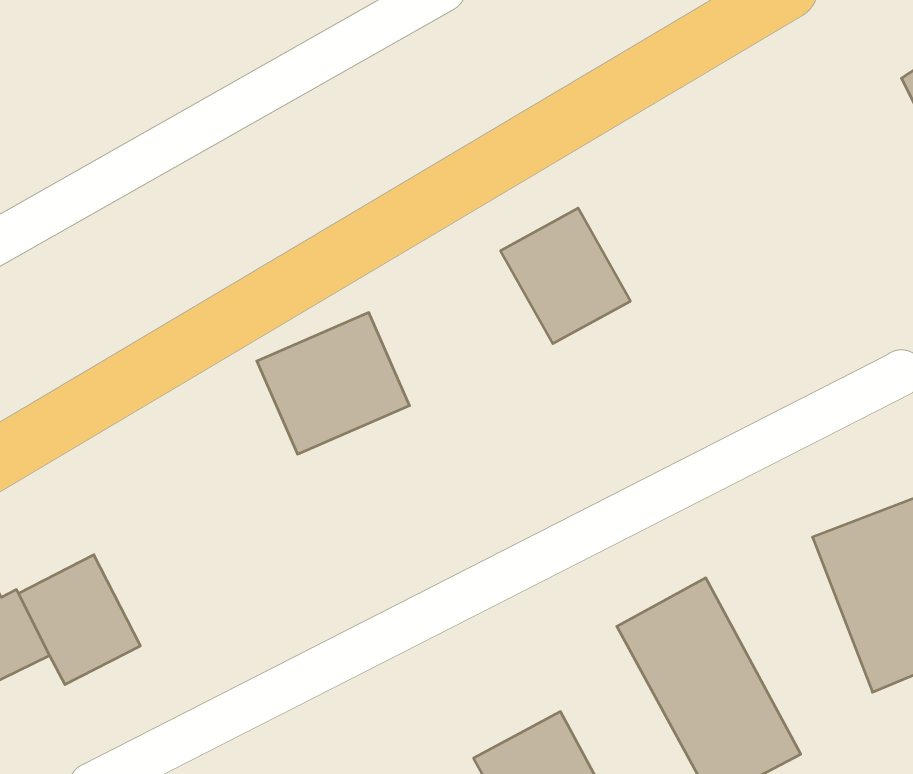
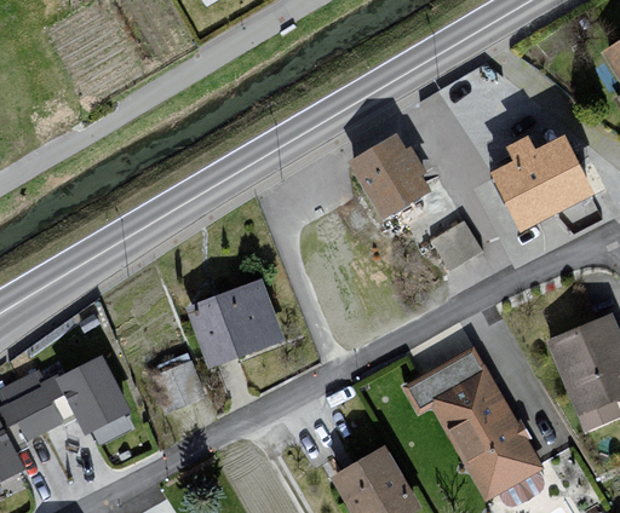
building: none -> [500,134,602,229]
building: [257,313,410,454] -> [189,282,285,370]
building: none -> [426,213,480,263]

